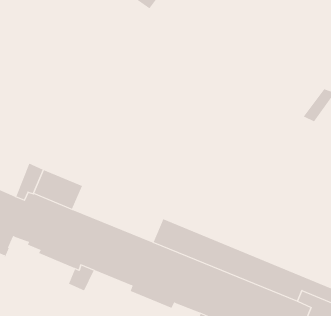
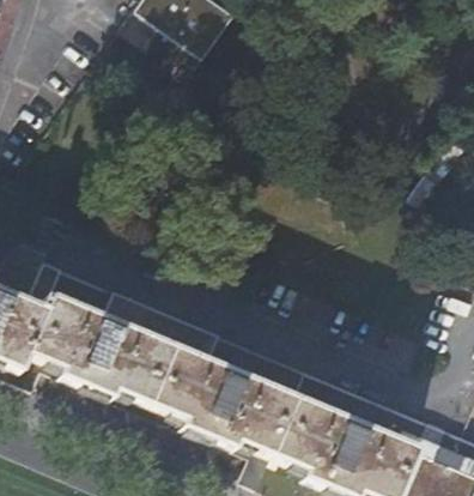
building: none -> [102,292,220,367]

